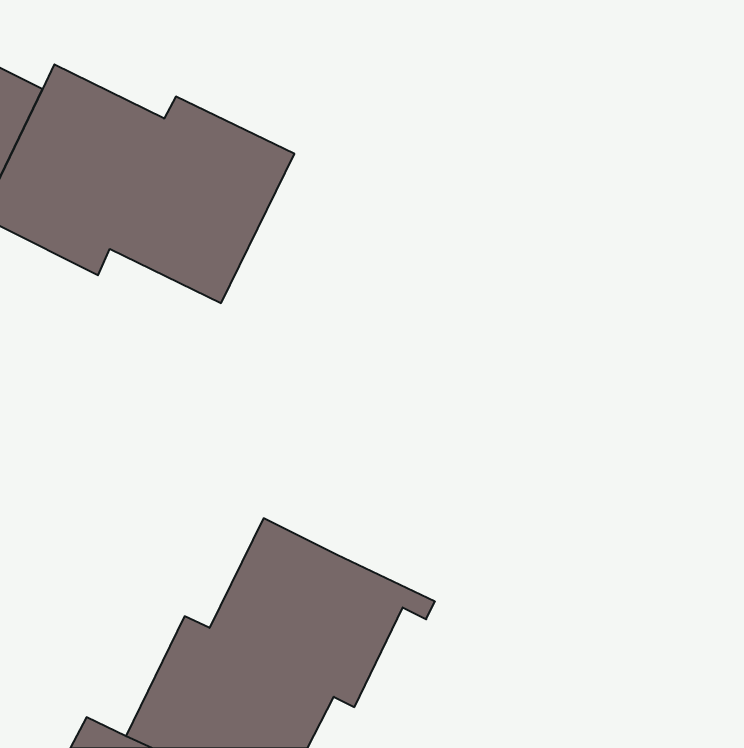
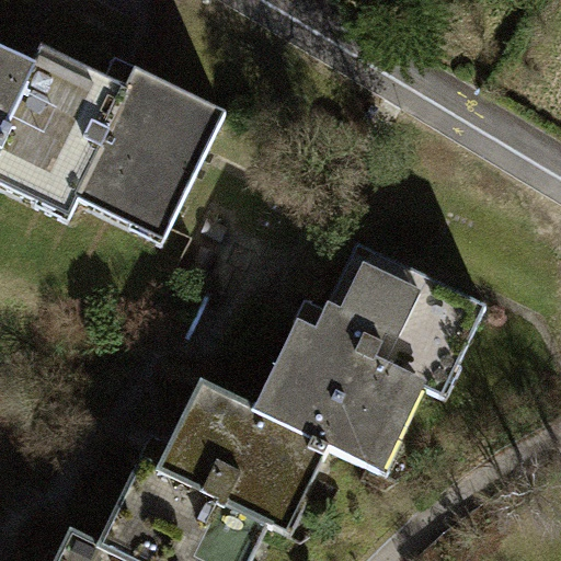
building: none -> [252,249,466,468]

